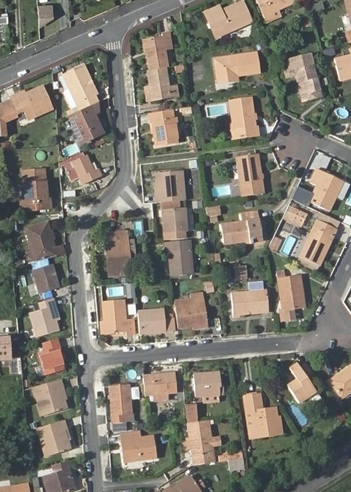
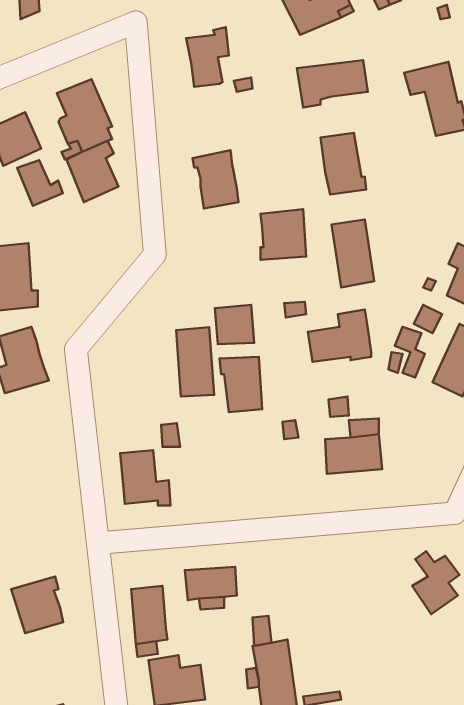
building: [147,67,178,100] -> none
building: [72,155,101,184] -> [17,160,63,206]
building: [155,170,184,202] -> [260,209,306,260]
building: [105,231,129,275] -> [176,327,214,397]
building: [32,264,58,293] -> none
building: [277,269,304,320] -> none
building: [175,292,207,328] -> none
building: [30,298,57,335] -> none
building: [137,309,173,333] -> none
building: [38,338,63,375] -> none
building: [194,372,224,396] -> none
building: [244,393,282,437] -> none
building: [36,419,70,456] -> none

